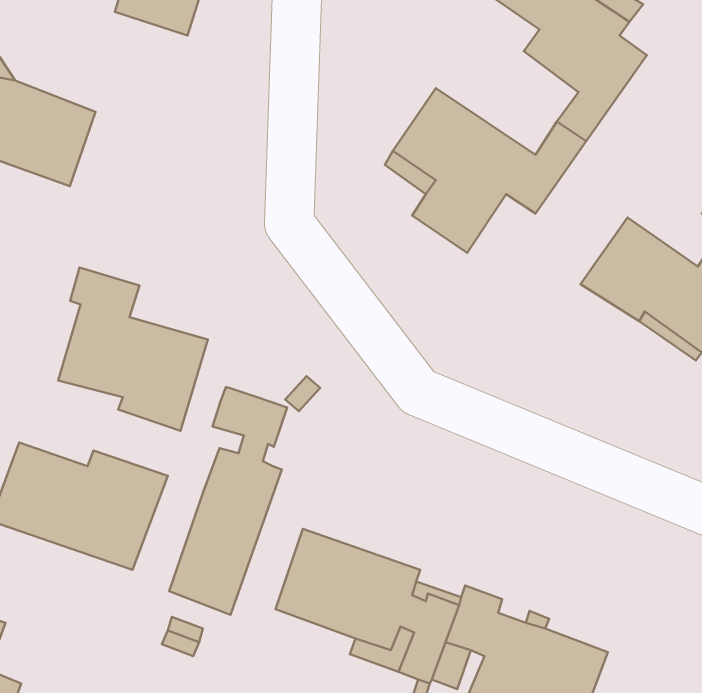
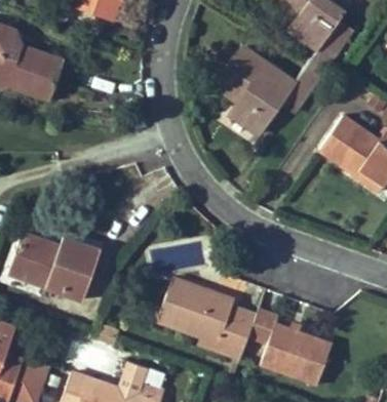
building: [58,267,208,431] -> none
building: [169,387,287,615] -> none

